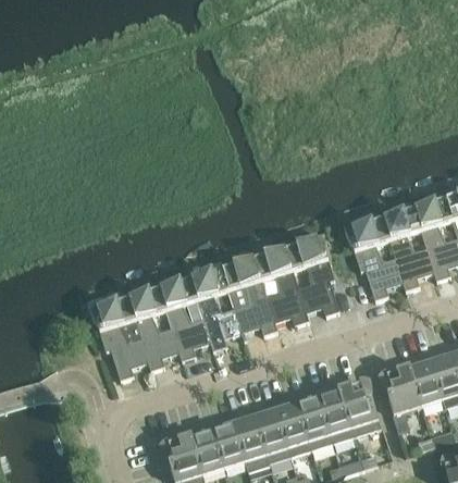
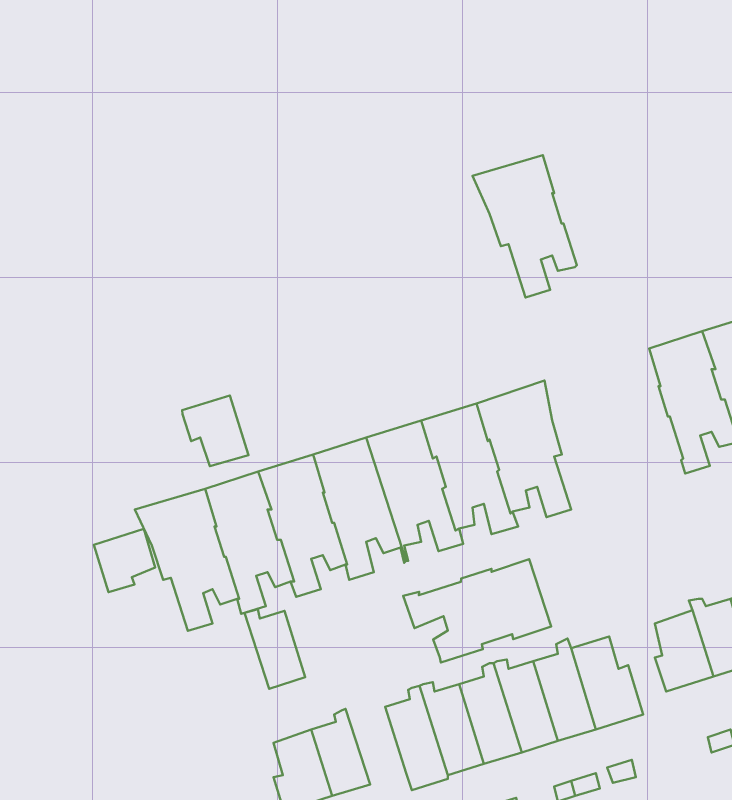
building: [345,216,405,298] -> [472,155,577,297]
building: none -> [182,396,249,466]
building: none -> [94,529,155,592]
building: none -> [403,559,551,663]
building: [211,421,246,467] -> [245,609,305,689]

